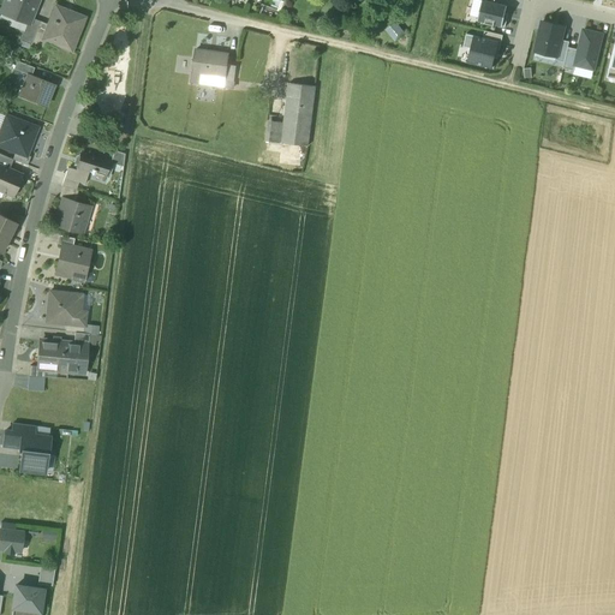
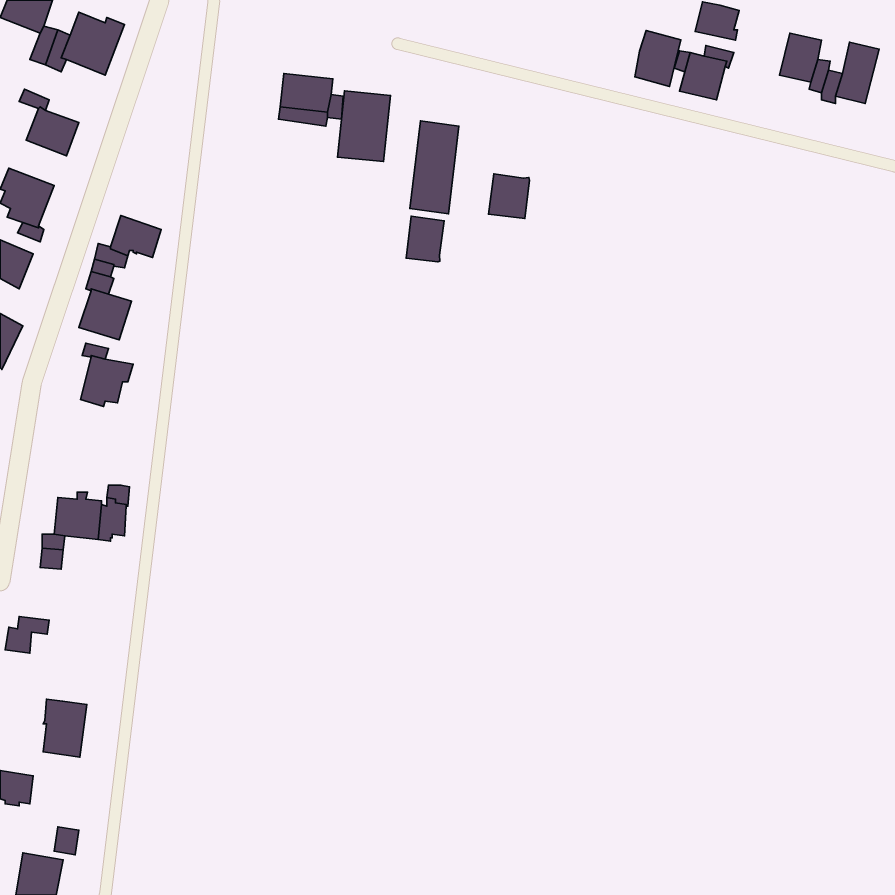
building: none -> [635,30,681,86]
building: none -> [337,91,390,162]
building: none -> [488,174,529,218]
building: none -> [406,216,444,262]
building: [47,292,85,326] -> none
building: [19,434,49,473] -> [43,699,87,757]

